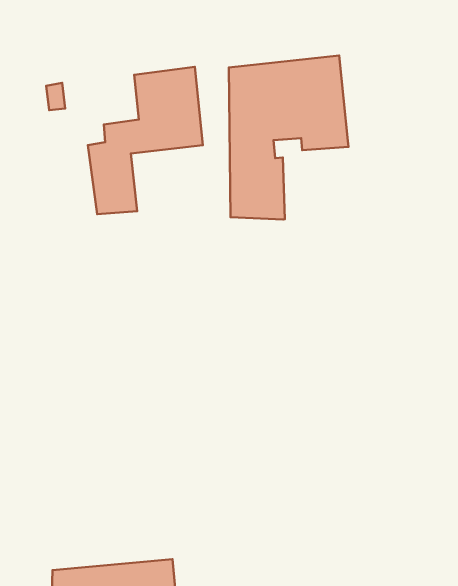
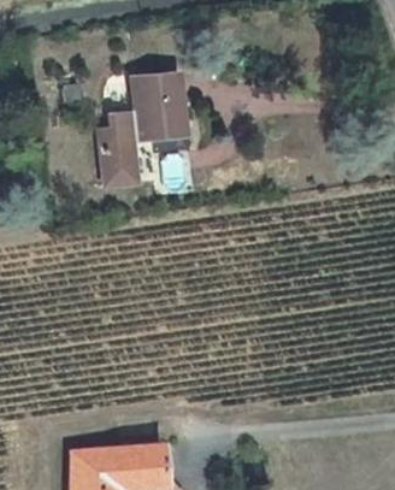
building: [229,55,348,219] -> none

